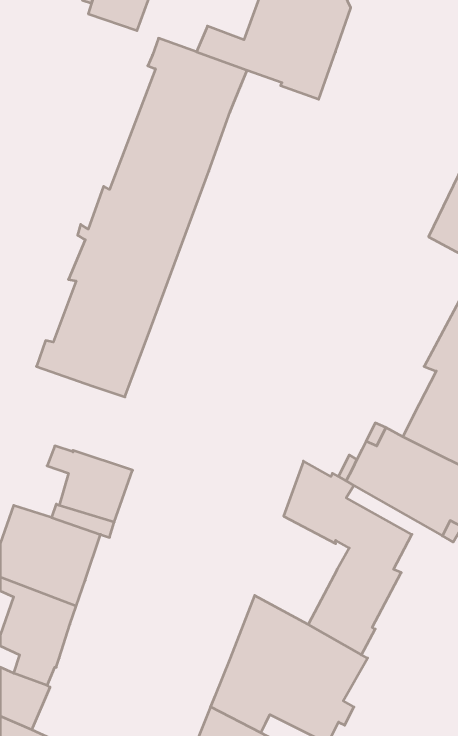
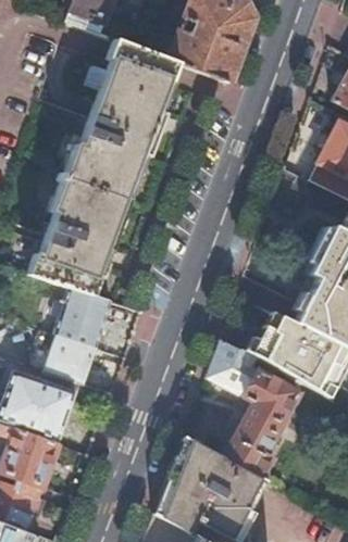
building: none -> [51,286,111,345]

